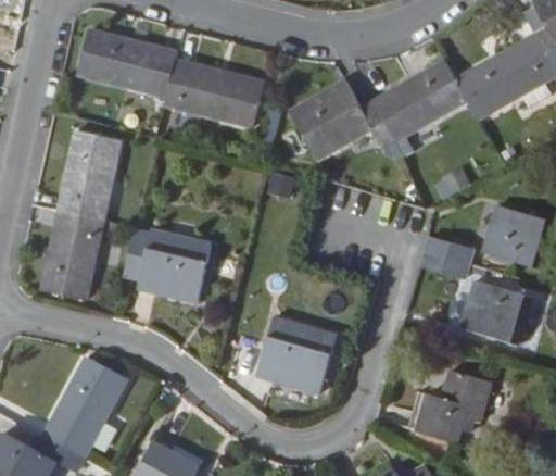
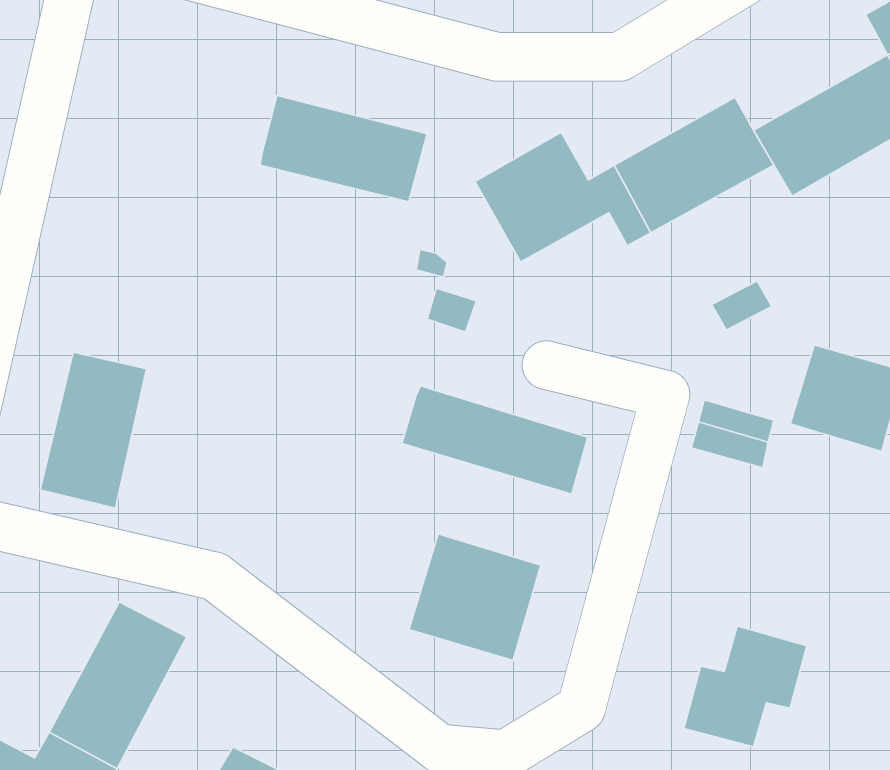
building: [83,29,179,92] -> none
building: [56,133,118,221] -> none
building: none -> [402,386,588,494]
building: [124,233,208,302] -> none
building: [460,283,529,345] -> none

